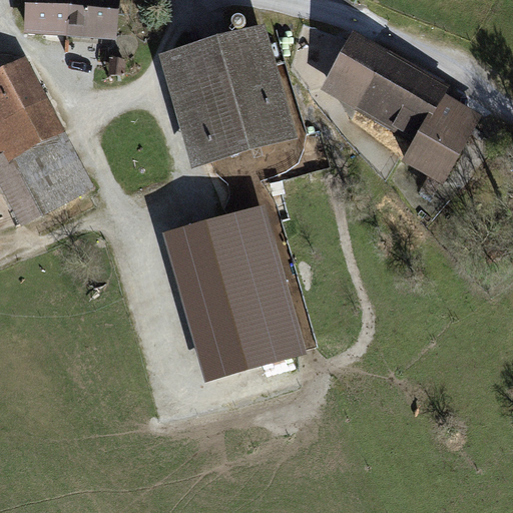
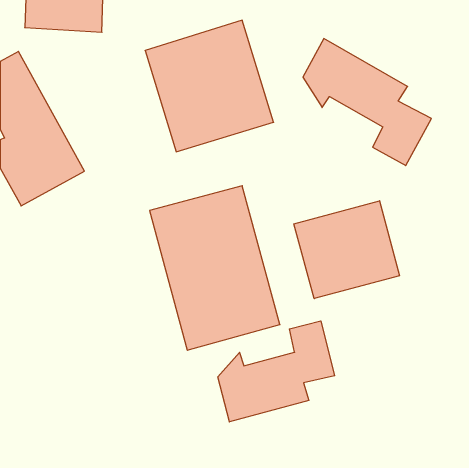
building: none -> [294,201,399,299]
building: none -> [218,321,335,422]

